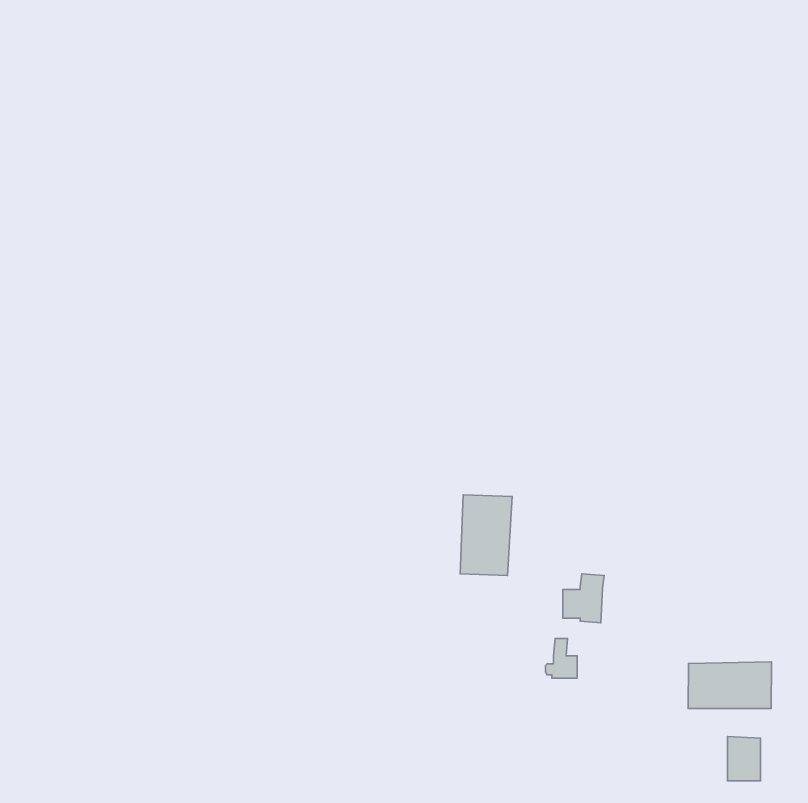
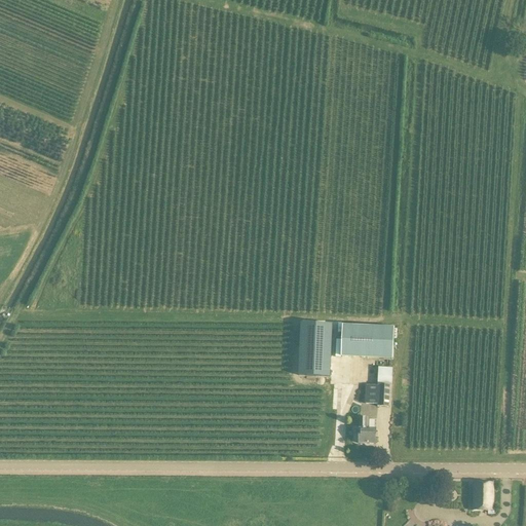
building: none -> [338,321,393,358]
building: [688,662,772,708] -> none

